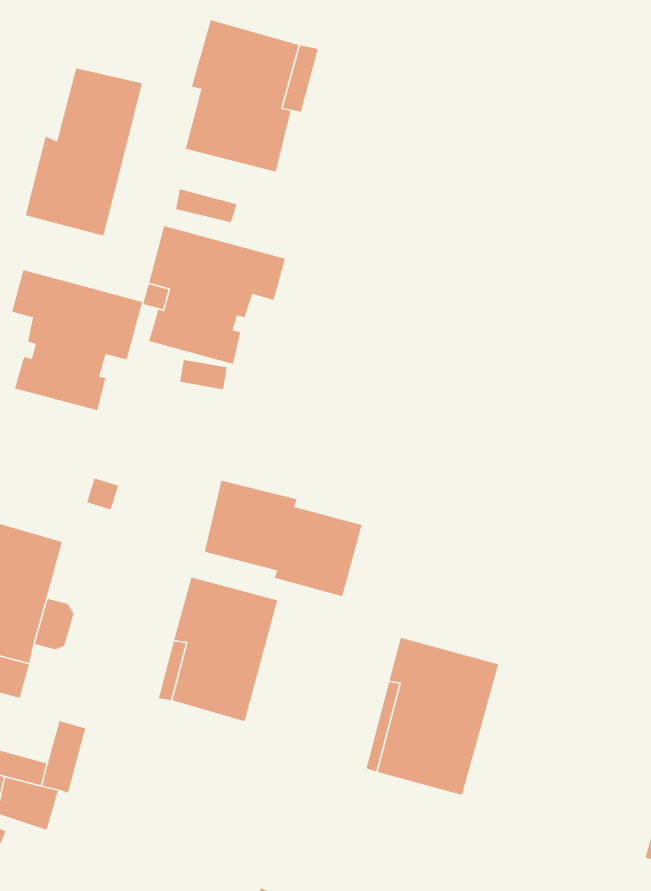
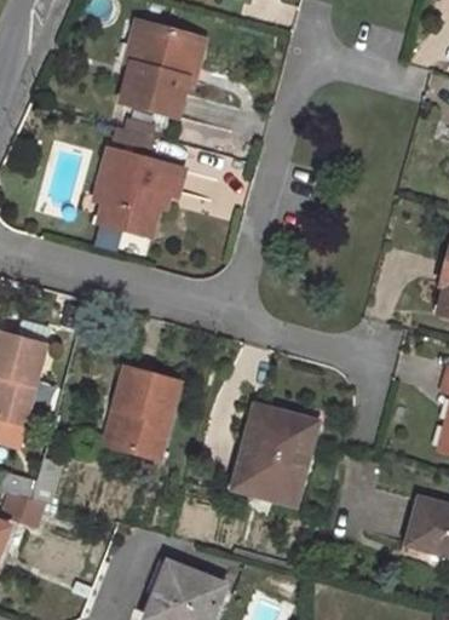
building: [25,67,143,236] -> none
building: [11,269,143,411] -> none
building: [204,480,362,597] -> none

